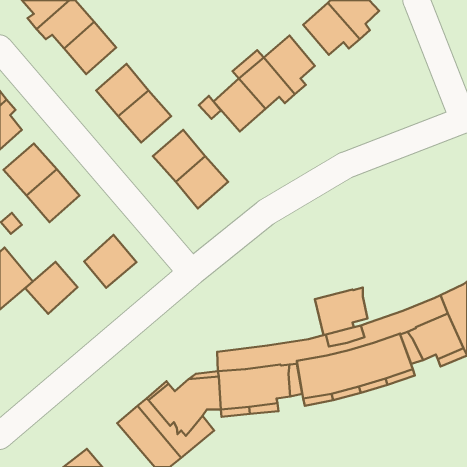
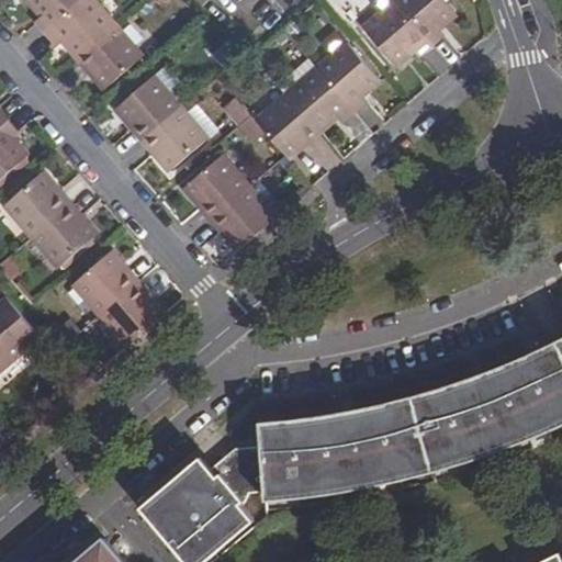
building: [25,262,77,314] -> [74,251,136,314]
building: [315,288,367,335] -> none

